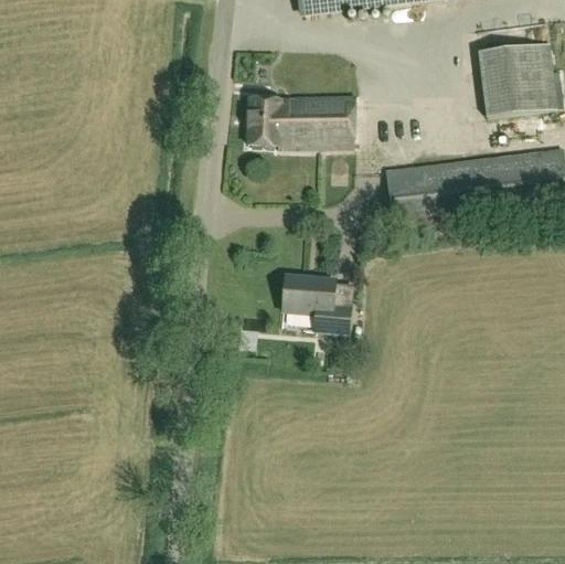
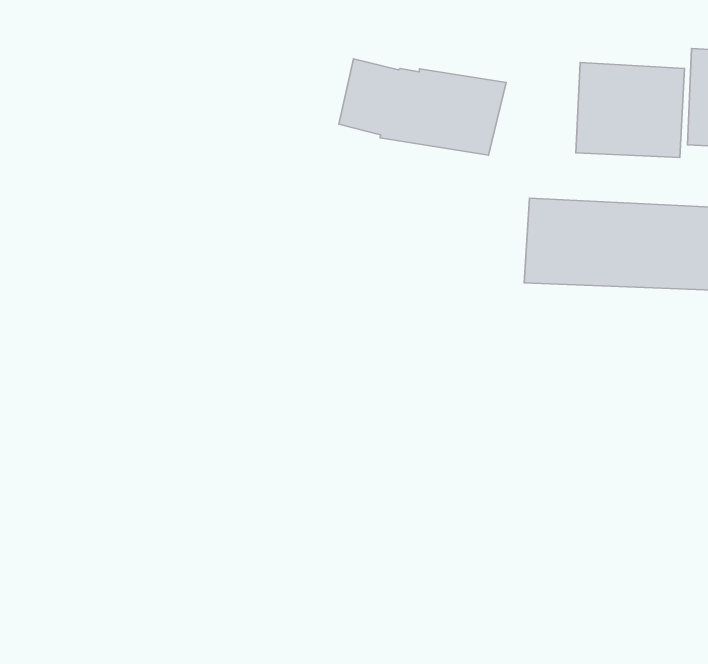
building: none -> [576,63,685,157]
building: [282,274,350,333] -> none

